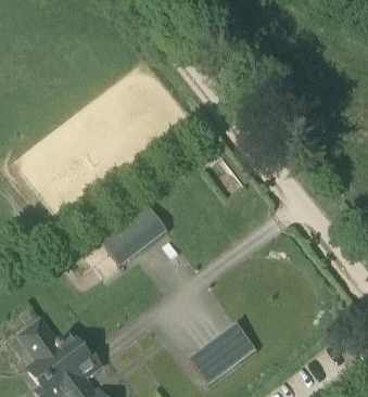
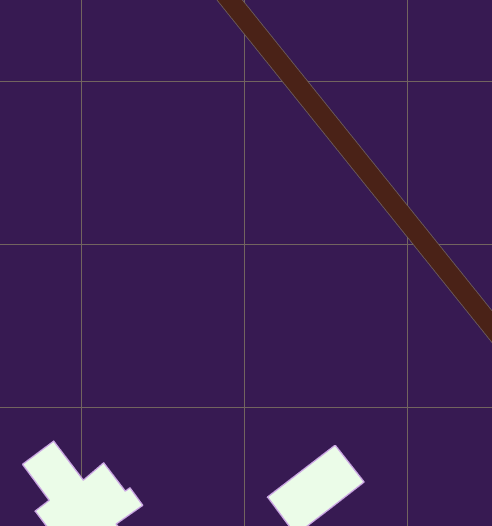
building: [100,204,166,265] -> none

